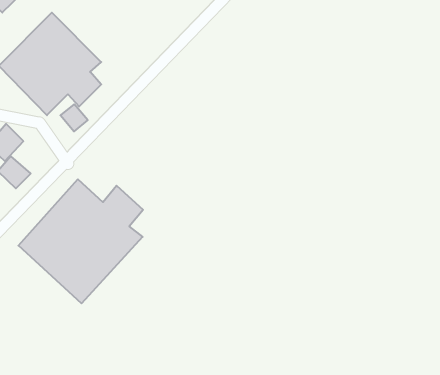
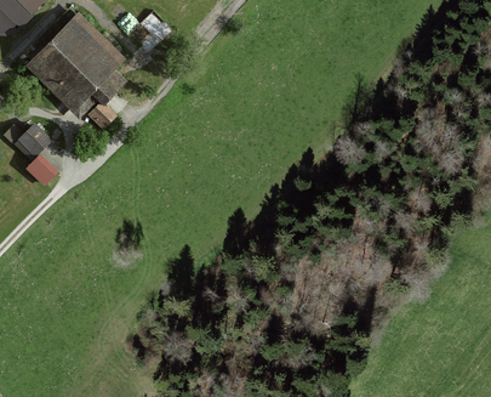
building: [18,179,143,303] -> none

